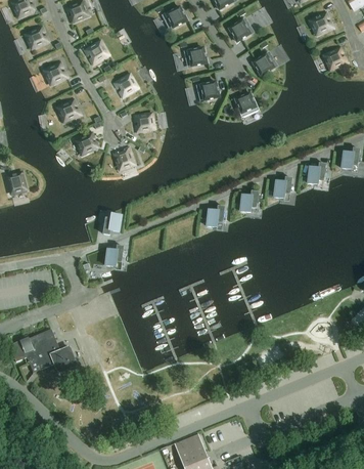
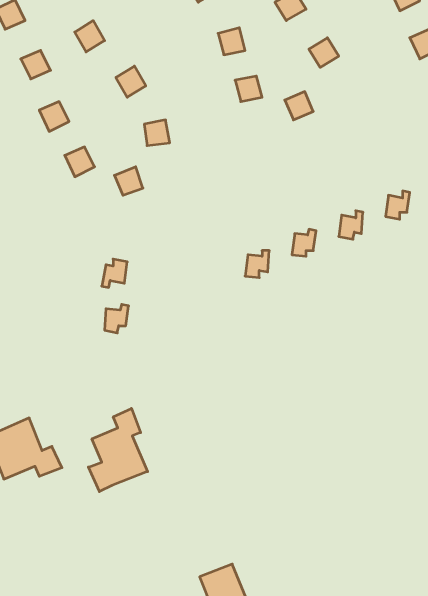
building: none -> [88,408,148,492]

